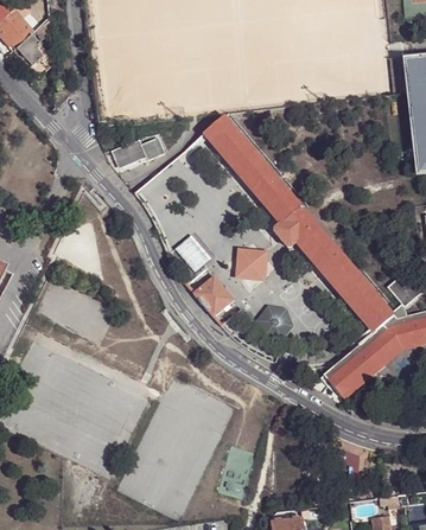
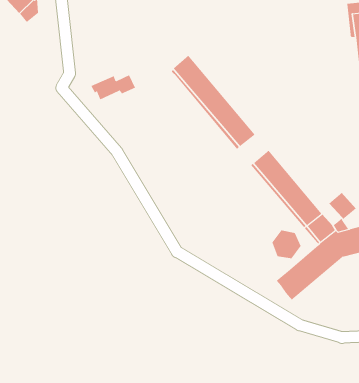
building: [274,205,316,244] -> none
building: [171,237,209,276] -> none
building: [237,244,266,288] -> none
building: [193,275,235,315] -> none
building: [256,304,291,337] -> [272,230,302,259]

